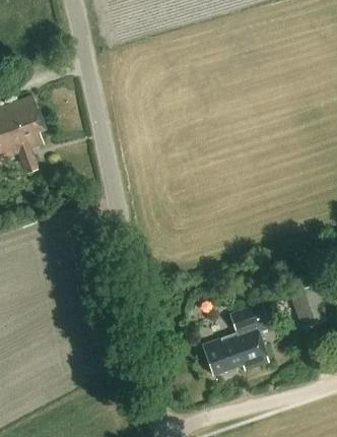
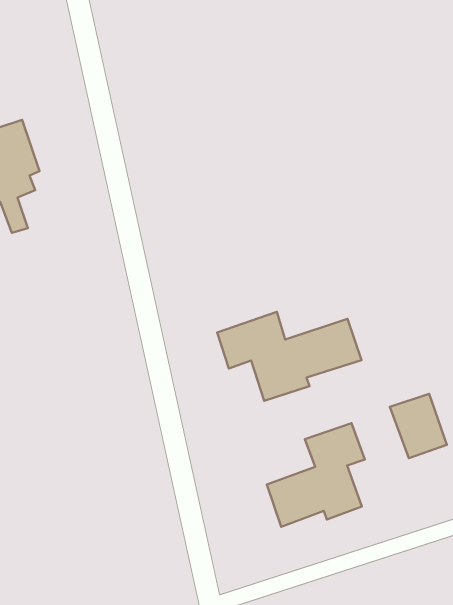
building: none -> [217,312,362,401]

